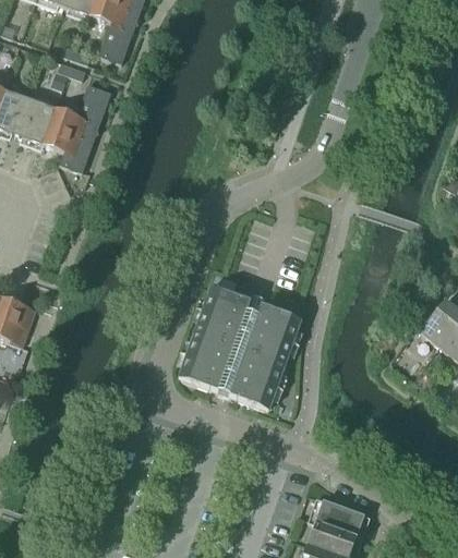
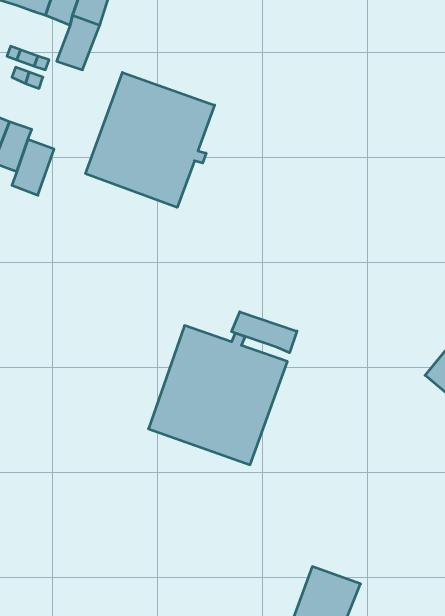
building: none -> [86,72,215,207]
building: [72,83,110,132] -> none
building: none -> [232,312,297,353]

